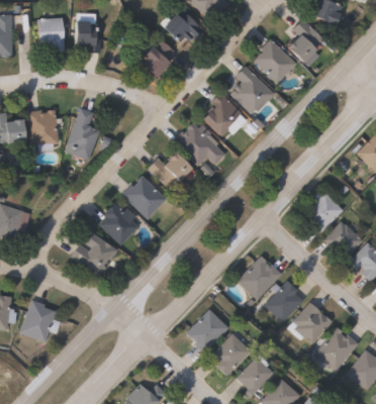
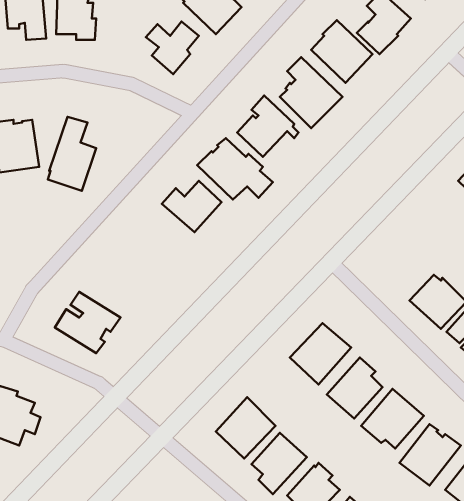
building: [122,178,167,218] -> none
building: [301,190,344,230] -> none
building: [99,203,139,246] -> none

